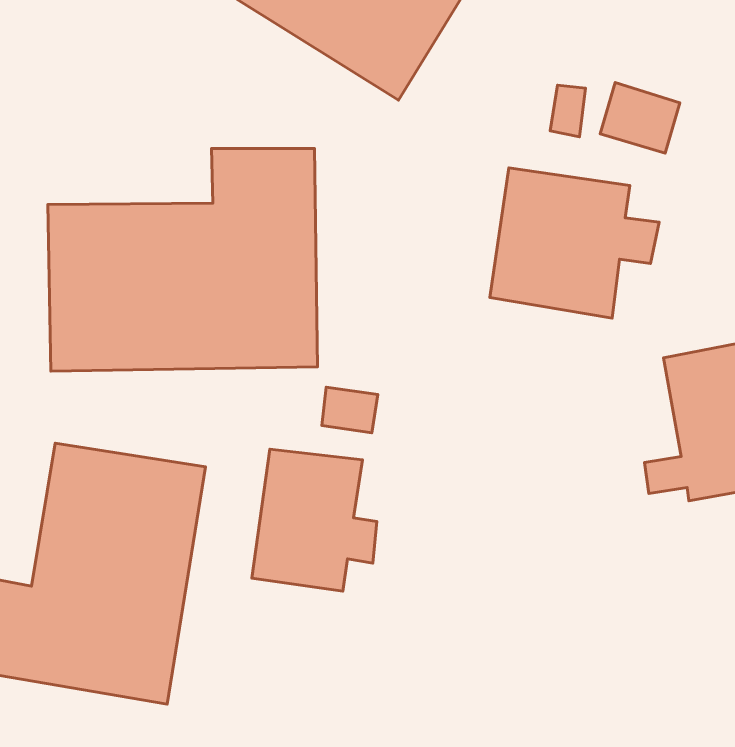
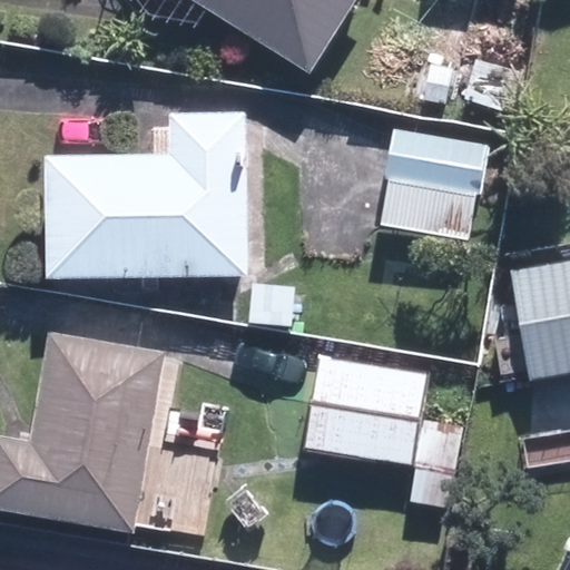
building: [252,449,377,591] -> none
building: none -> [304,354,462,512]

